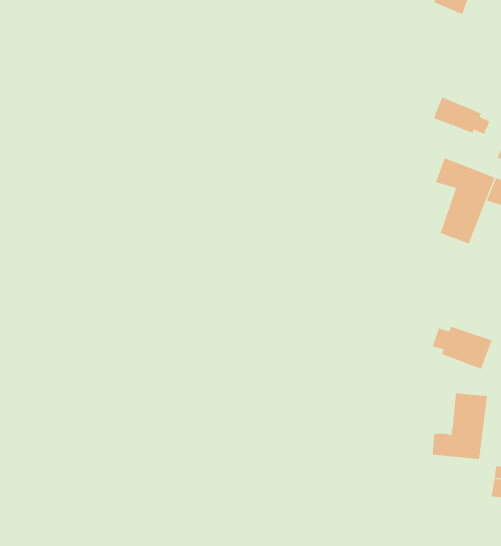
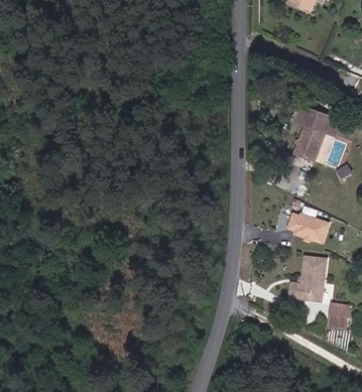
building: [433,96,490,135] -> none

